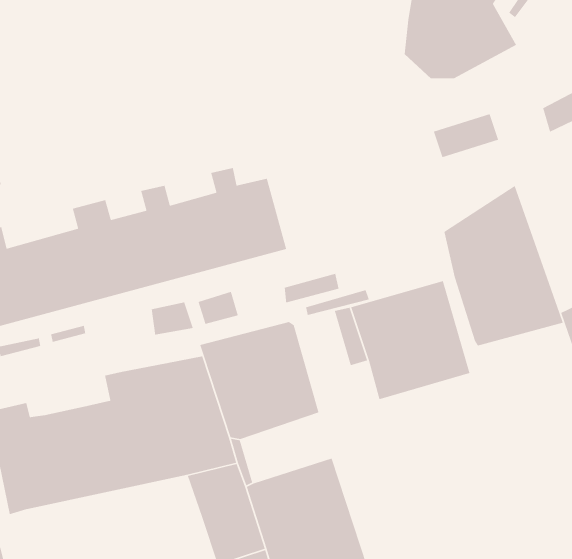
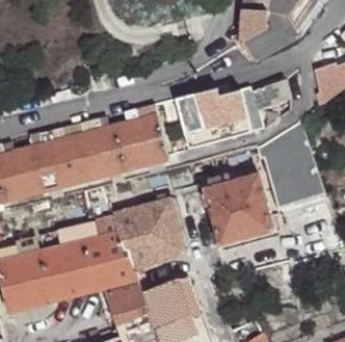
building: none -> [159,87,254,148]

